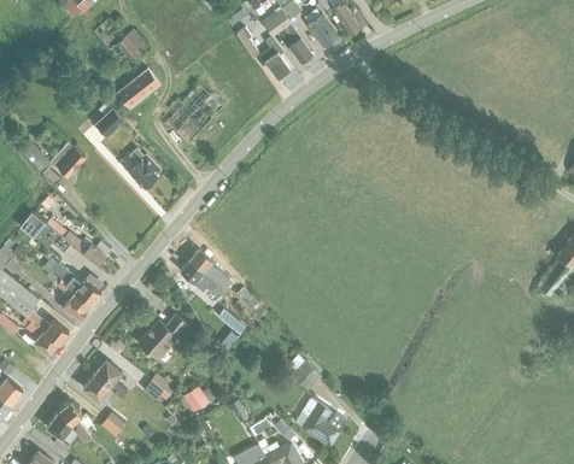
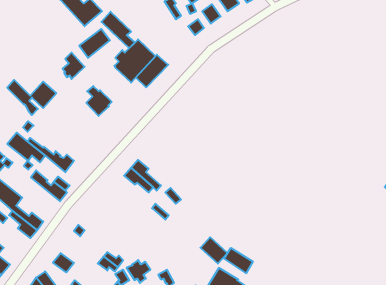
building: none -> [101,12,135,48]
building: none -> [136,55,168,87]
building: [45,271,90,319] -> none
building: [136,312,187,360] -> none
building: [92,359,125,398] -> none
building: none -> [224,248,253,273]

